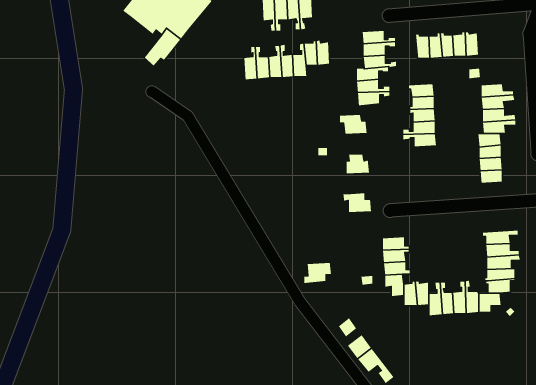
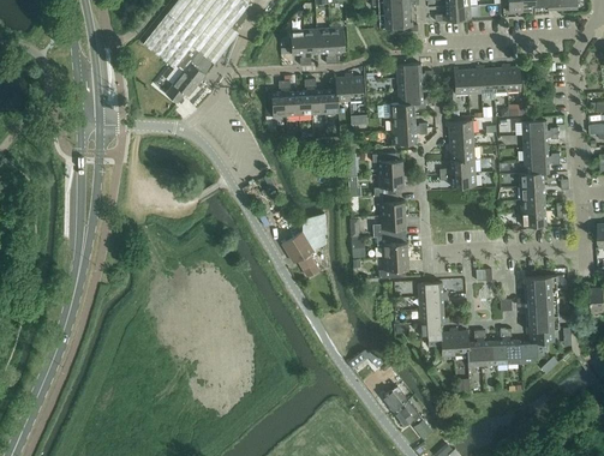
building: none -> [373,173,403,196]
building: none -> [373,215,406,236]
building: none -> [281,230,318,276]
building: [303,262,332,284] -> [378,256,408,278]

